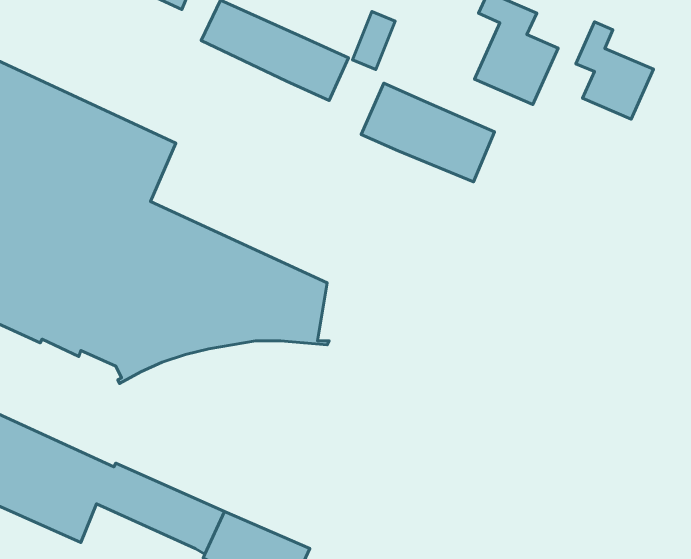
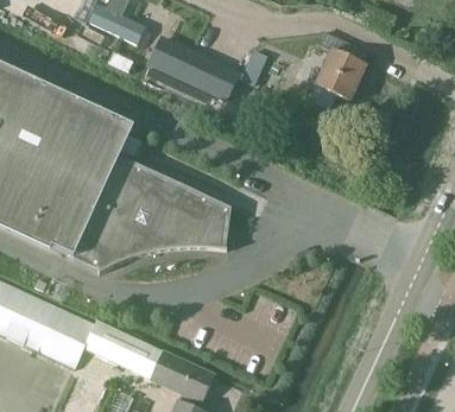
building: [576,22,653,119] -> none
building: [361,83,494,182] -> none

